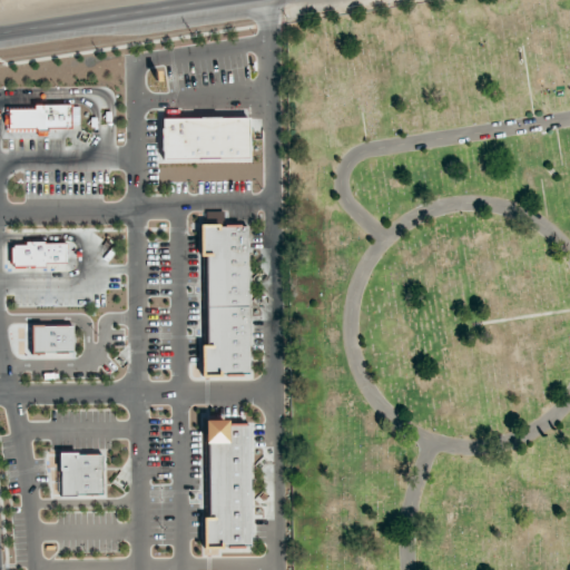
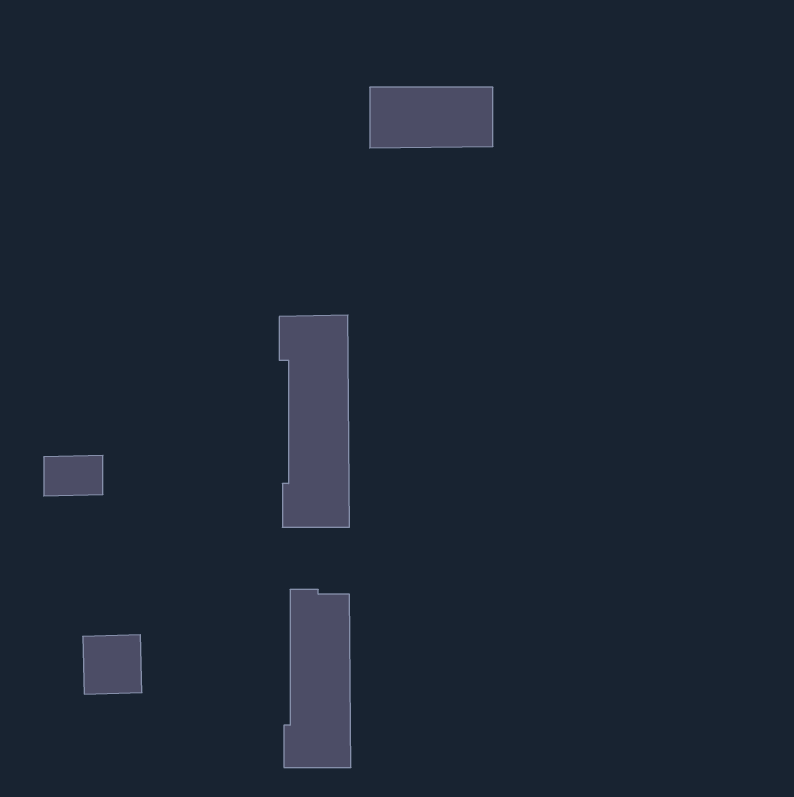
building: [8,105,82,131] -> none
building: [163,118,250,161] -> [370,87,493,148]
building: [12,243,69,266] -> none

